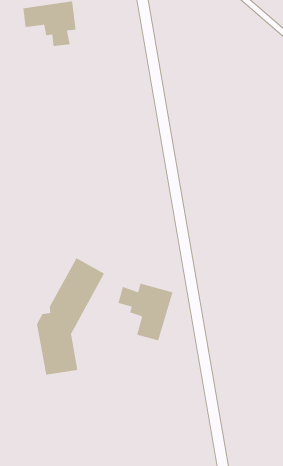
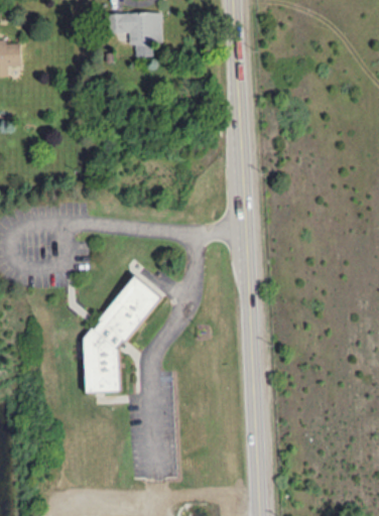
building: [118,283,173,341] -> none

